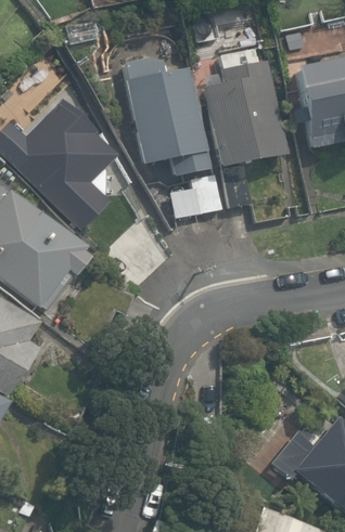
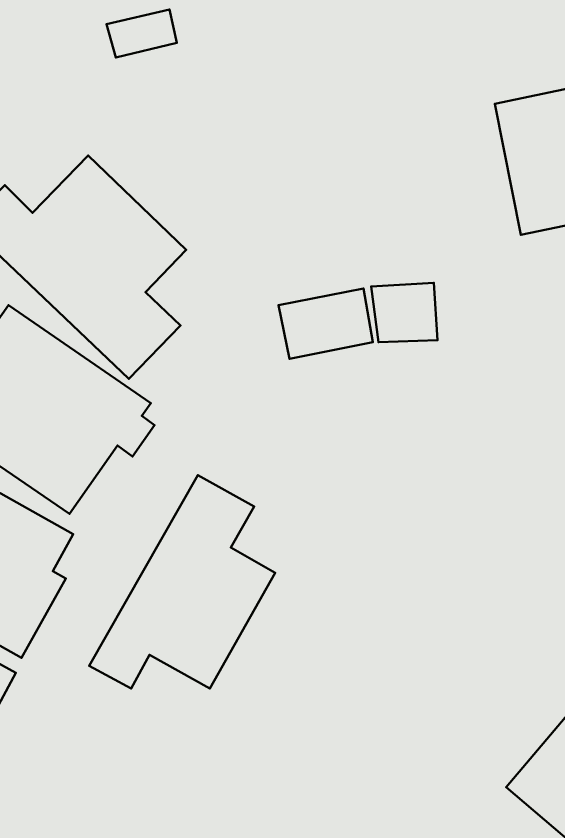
building: [203,55,288,164] -> none
building: [125,67,206,164] -> none
building: none -> [89,475,275,688]

